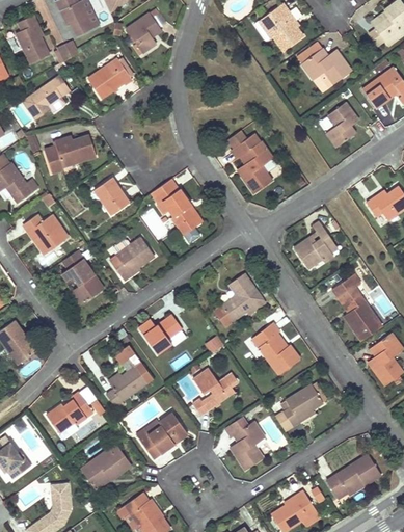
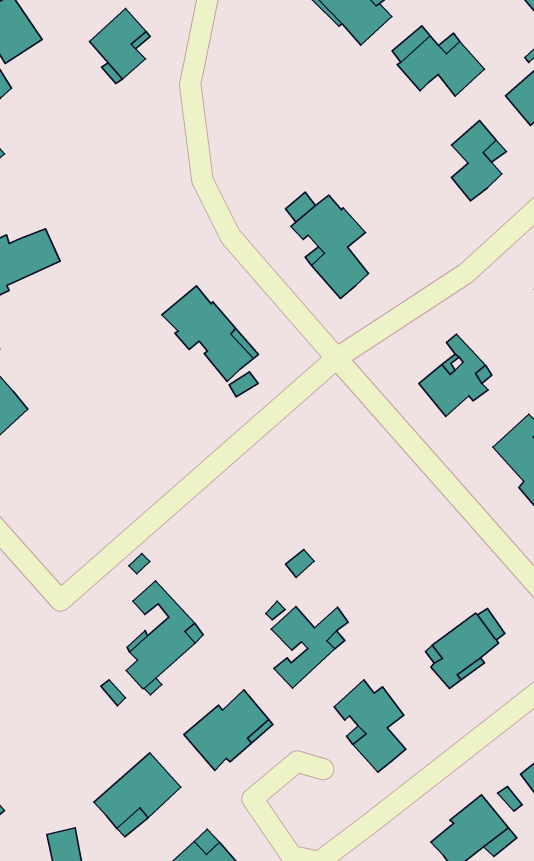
building: [87,58,130,98] -> none
building: [93,178,129,215] -> none
building: [115,237,154,281] -> none
building: [63,251,105,304] -> none
building: [213,273,264,325] -> none
building: [138,314,183,355] -> none
building: [250,322,298,374] -> none
building: [46,391,92,432] -> none

